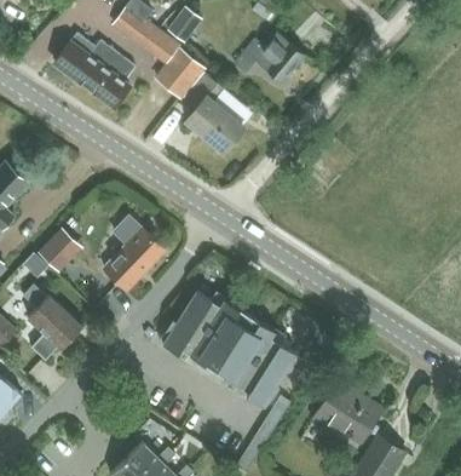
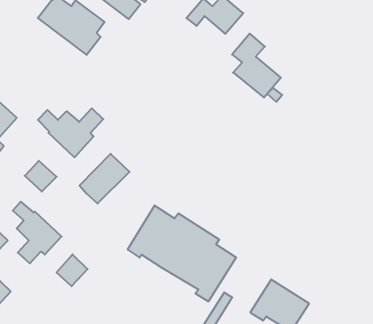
building: [156,50,203,98] -> none
building: [184,75,243,153] -> [232,34,281,98]
building: none -> [38,108,103,157]
building: none -> [57,254,88,286]

